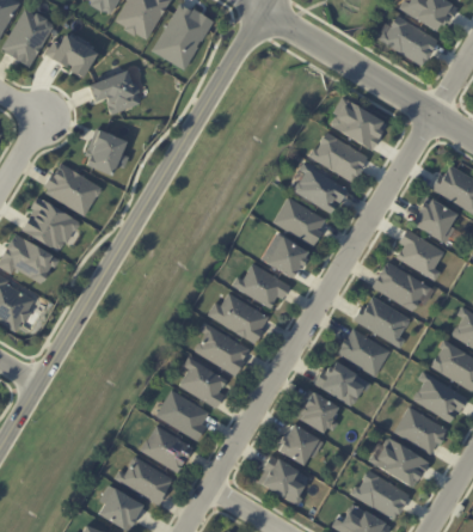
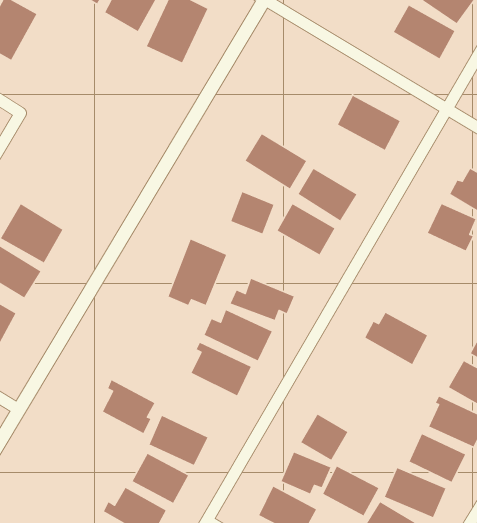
building: [45,33,97,78] -> none
building: [88,69,142,115] -> none
building: [84,129,127,175] -> none
building: [311,132,368,183] -> [245,133,307,189]
building: [43,163,102,215] -> none
building: [397,230,444,281] -> none
building: none -> [167,239,227,306]
building: [266,237,307,276] -> [230,191,274,234]
building: [371,261,432,313] -> none
building: [337,329,391,375] -> none
building: [179,357,228,408] -> [102,379,155,434]
building: [317,360,369,406] -> [322,465,380,516]

